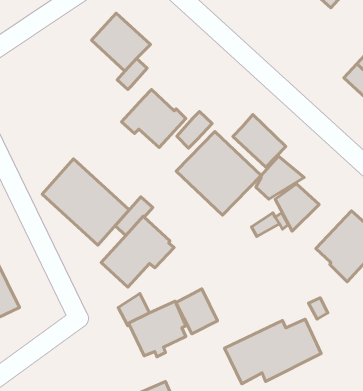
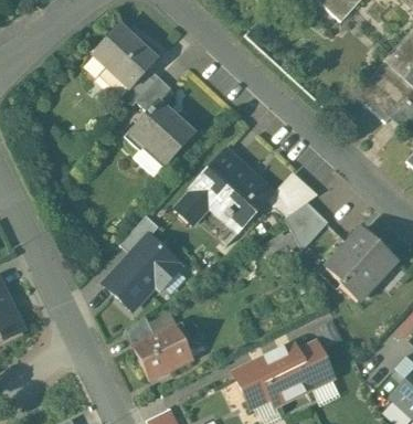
building: [177,112,212,148] -> [137,76,173,114]
building: [233,115,286,167] -> none
building: [42,159,129,245] -> none
building: [176,289,218,334] -> none

